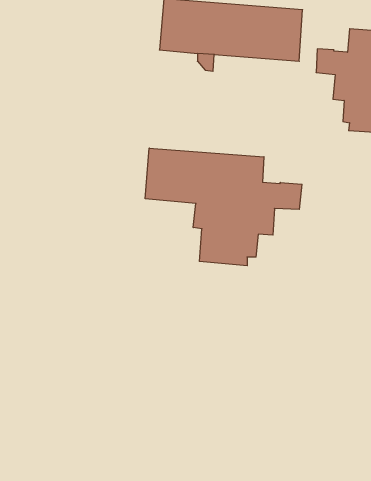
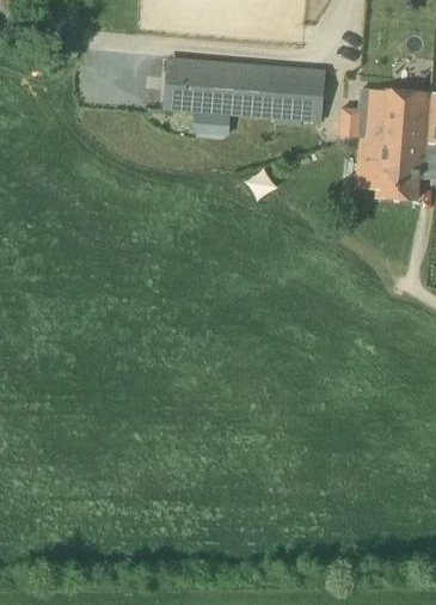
building: [145,148,302,266] -> none

